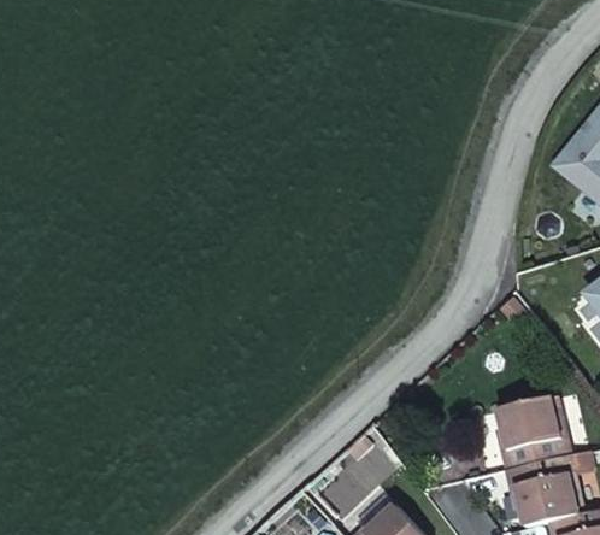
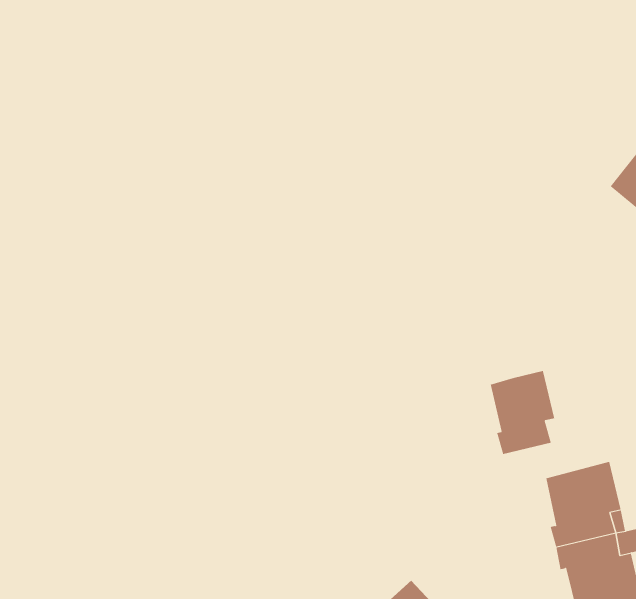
building: none -> [490,370,555,455]

